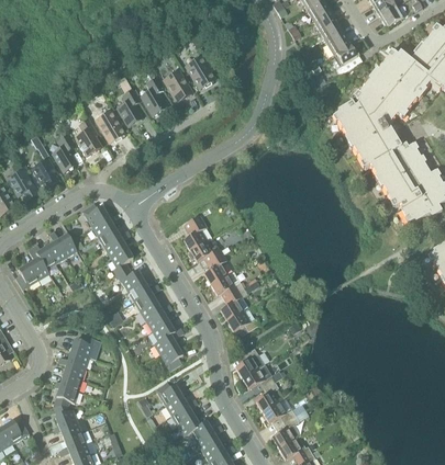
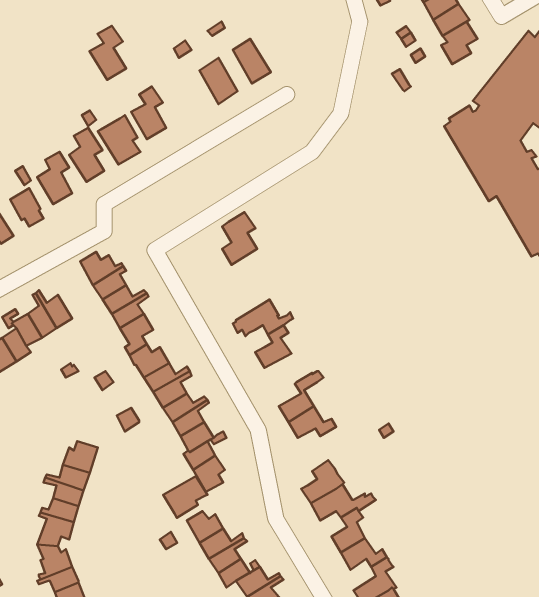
building: [141,77,166,114] -> [90,26,126,80]
building: [183,214,208,250] -> [222,212,257,265]
building: [210,270,243,295] -> none
building: none -> [163,476,207,518]

